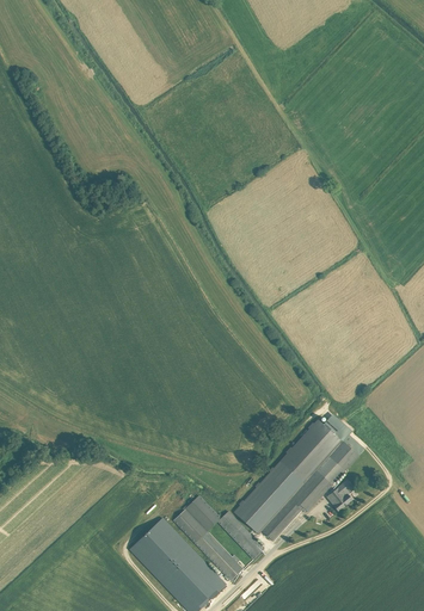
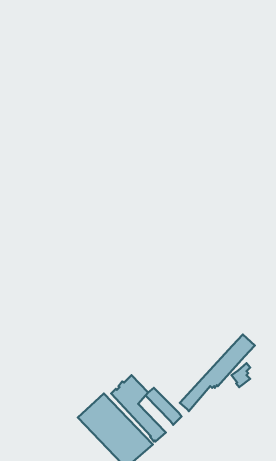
building: [232,419,342,533] -> none

